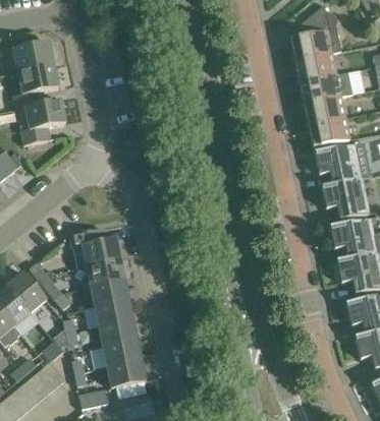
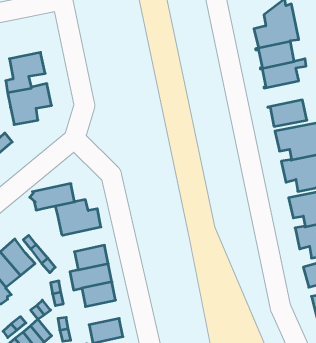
building: [13,41,53,71] -> none
building: [302,96,344,125] -> none
building: [74,258,124,288] -> [30,184,75,210]
building: [103,340,141,367] -> none

